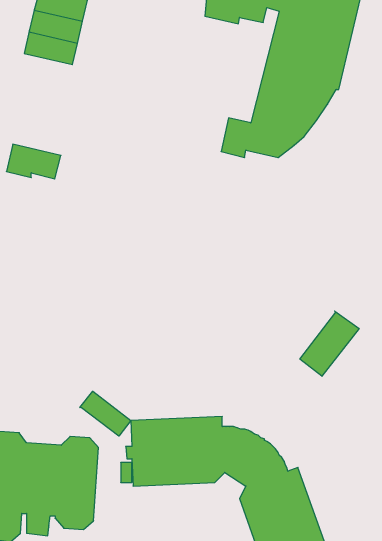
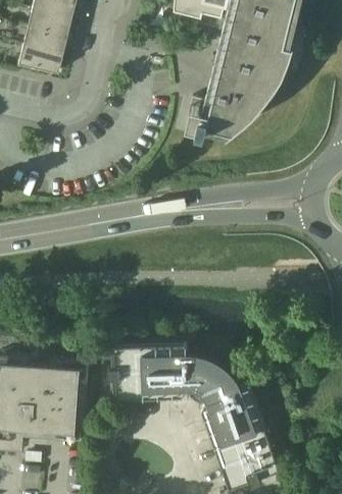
building: [6,144,61,179] -> [18,46,63,74]
building: [300,311,359,376] -> none
building: [80,391,131,436] -> none

